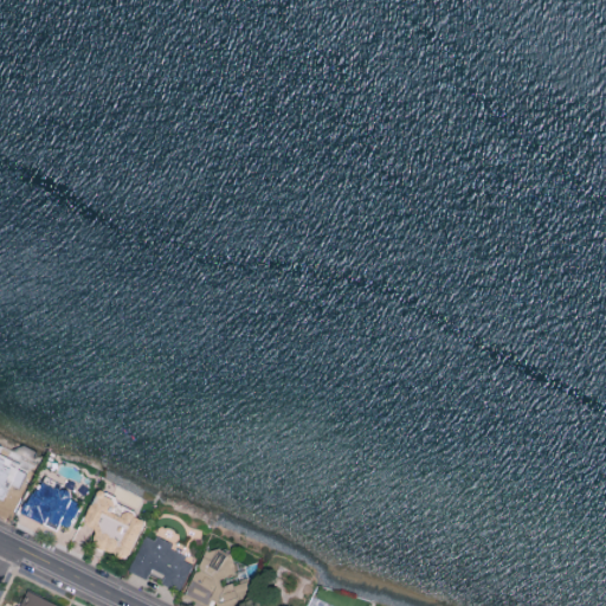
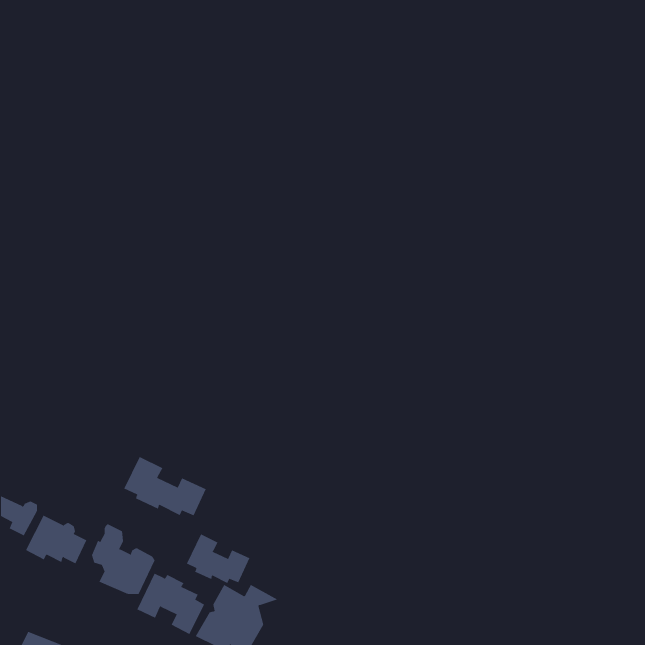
building: none -> [124,456,207,516]
building: none -> [186,534,250,584]

